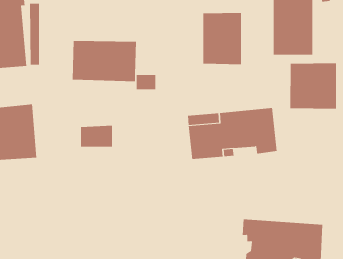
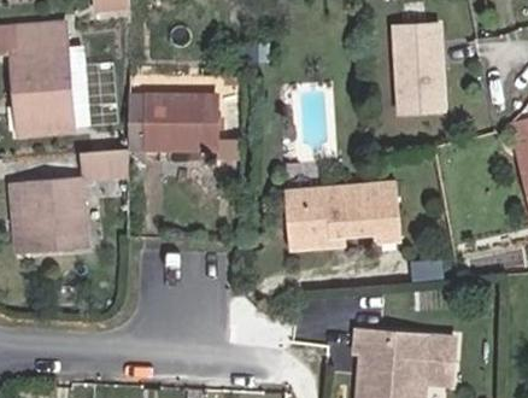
building: [203,12,242,65] -> none
building: [290,62,337,110] -> none
building: [80,125,113,147] -> [81,148,124,177]

